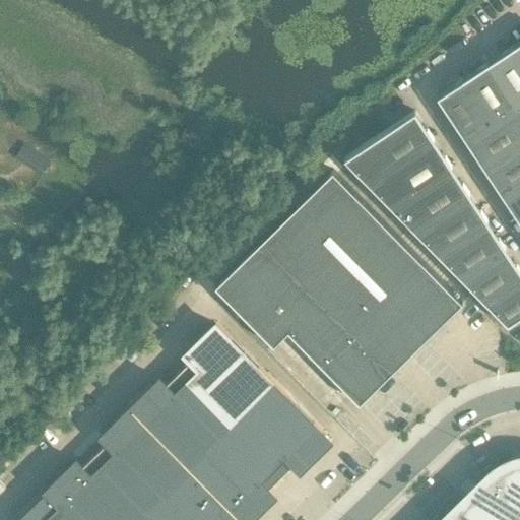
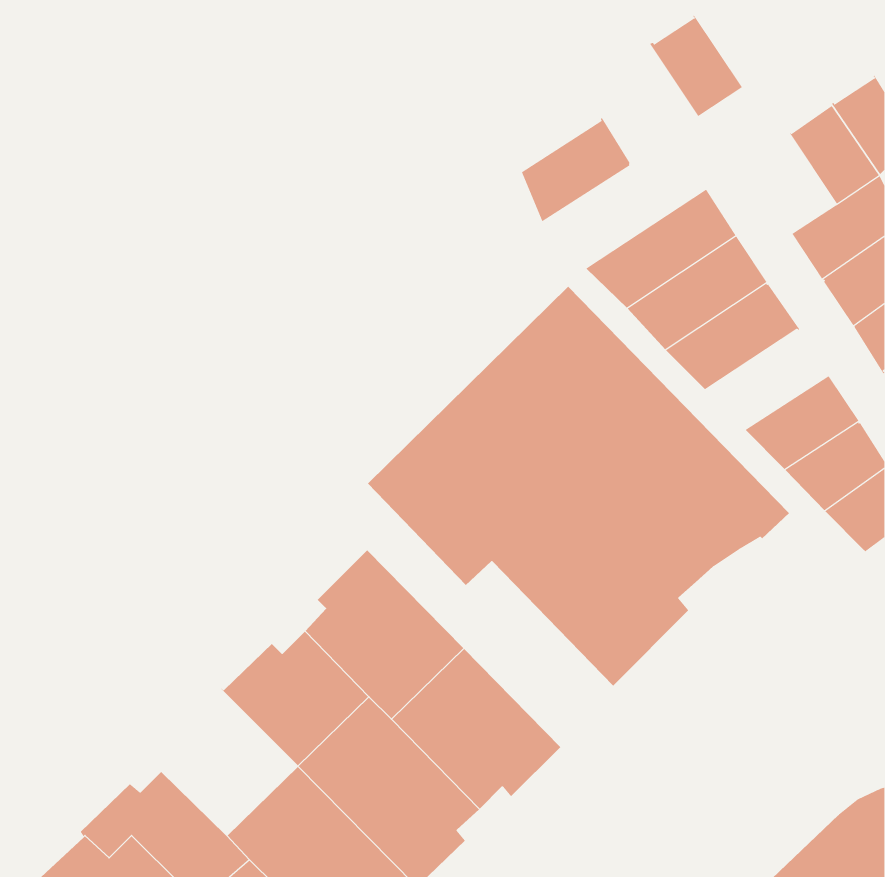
building: none -> [521,117,631,222]
building: [436,82,491,142] -> [649,14,743,117]
building: [413,198,486,257] -> none
building: [94,410,175,495] -> none

